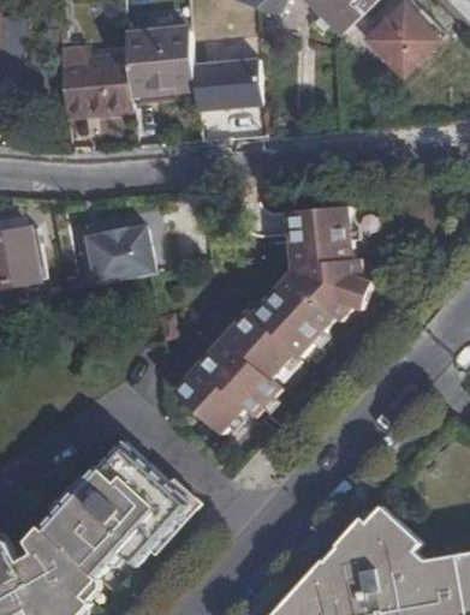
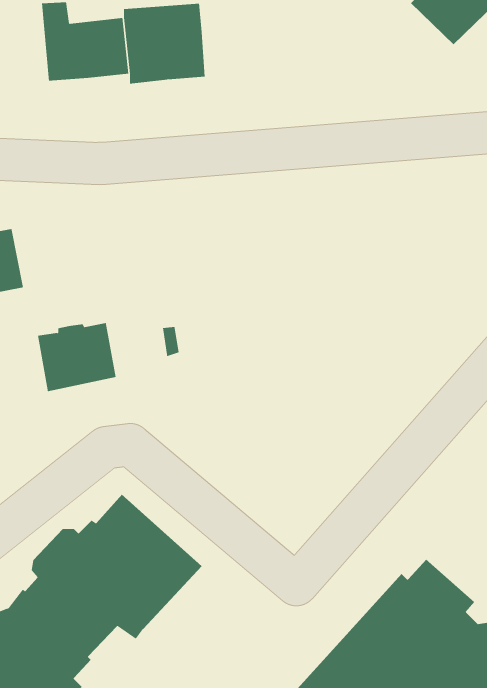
building: [194,60,262,111] -> none
building: [174,208,373,432] -> none
building: [84,227,150,285] -> [37,322,116,392]

